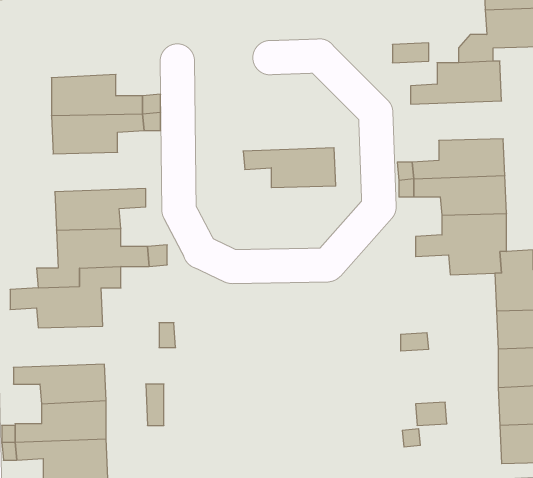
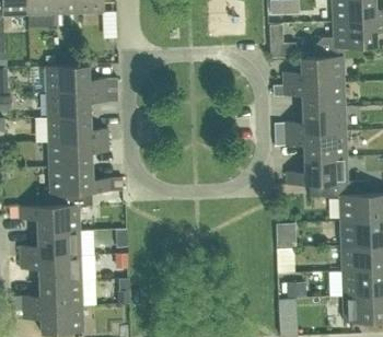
building: [243,148,336,188] -> [283,83,345,109]
building: none -> [47,117,108,143]
building: none -> [20,232,81,259]

